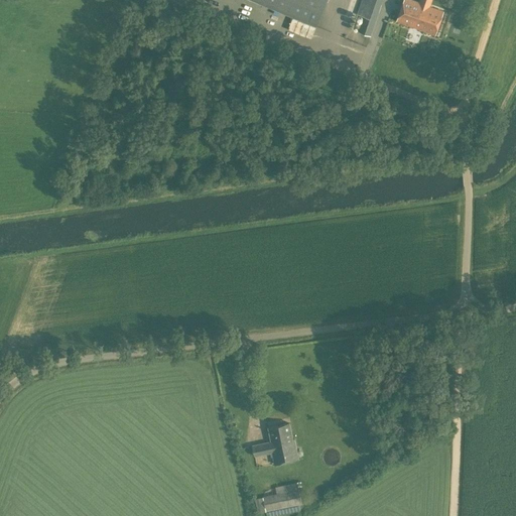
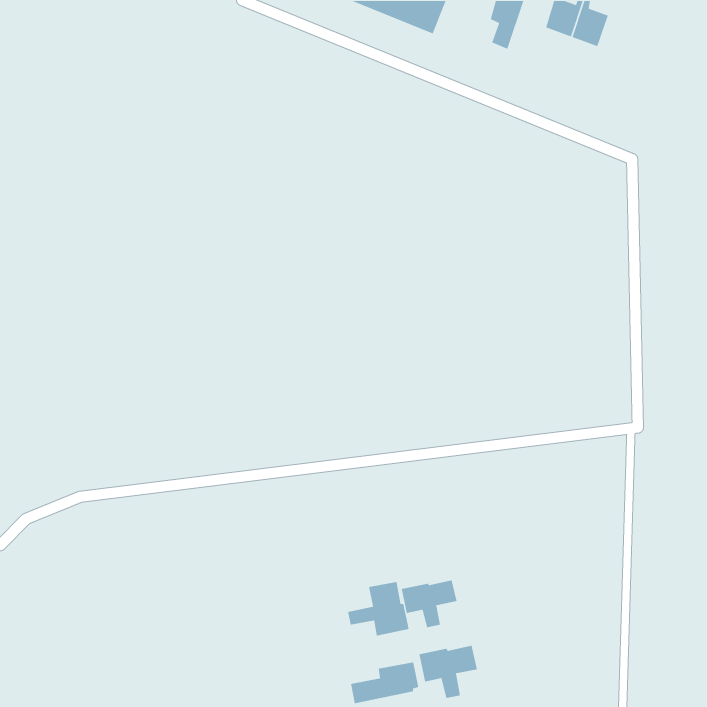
building: none -> [401,579,457,628]
building: none -> [419,645,478,699]

